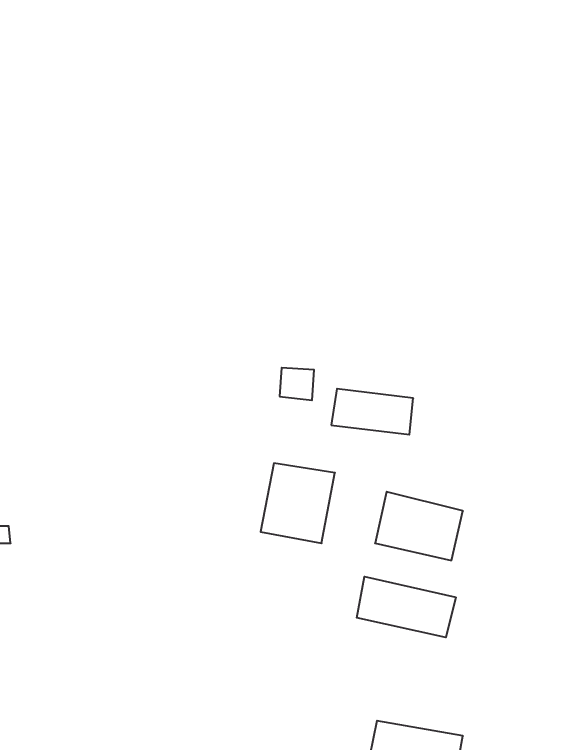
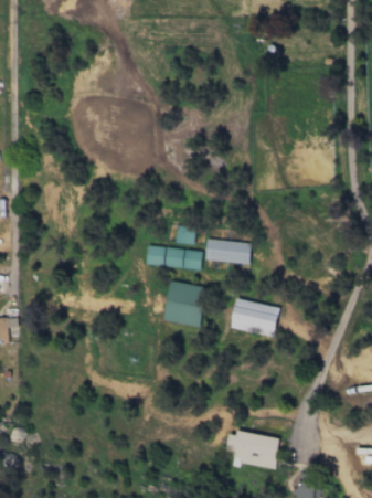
building: none -> [145,244,201,269]
building: [357,577,456,637] -> none

